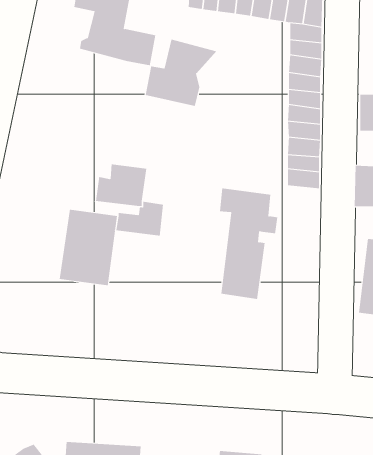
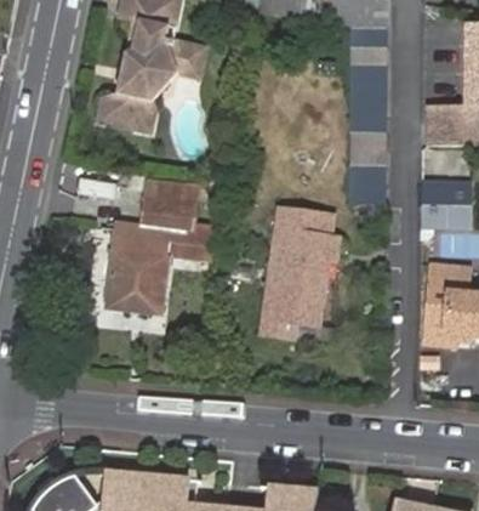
building: [145,39,217,106] -> [98,56,176,129]

